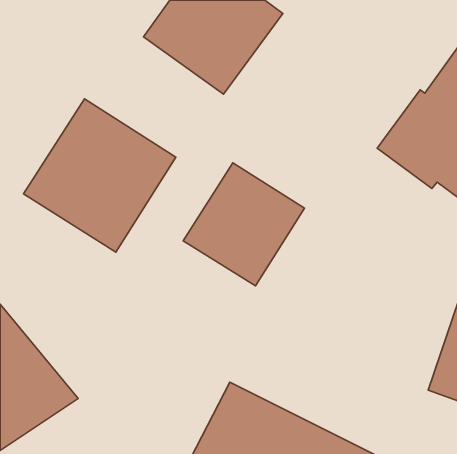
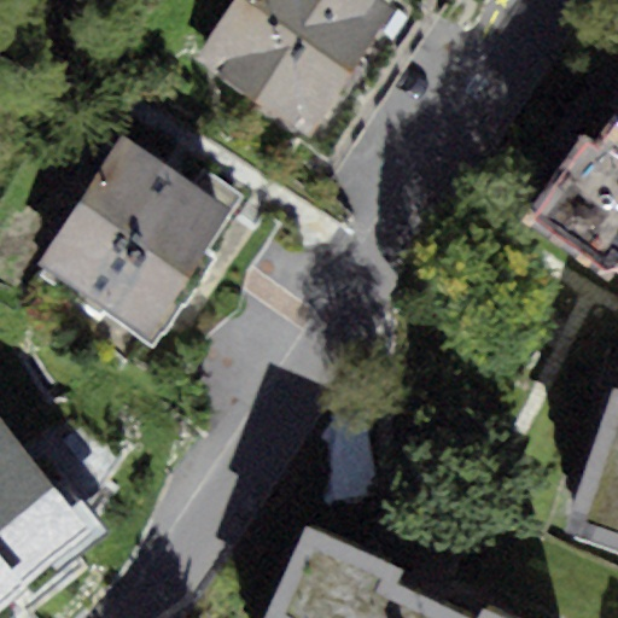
building: [183,163,304,286] -> none

